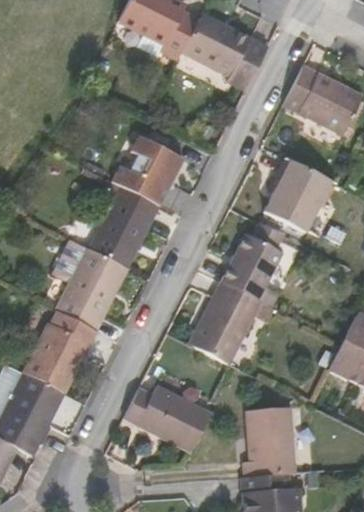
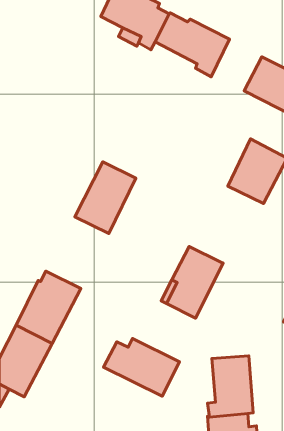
building: [113,134,184,204] -> none
building: [221,220,290,300] -> none
building: [57,242,129,330] -> none

